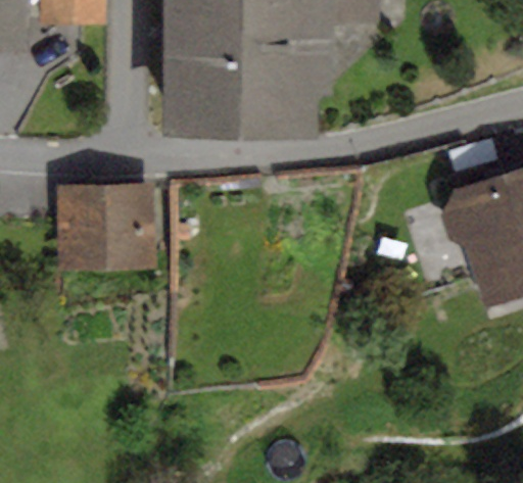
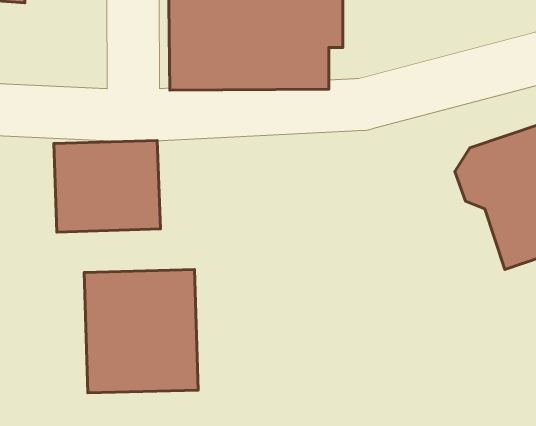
building: none -> [84,270,198,393]

